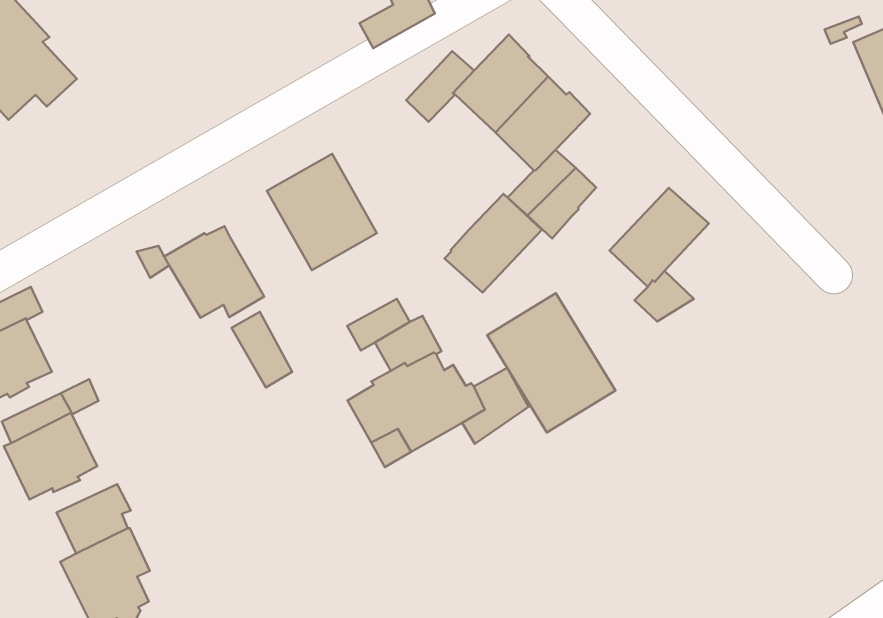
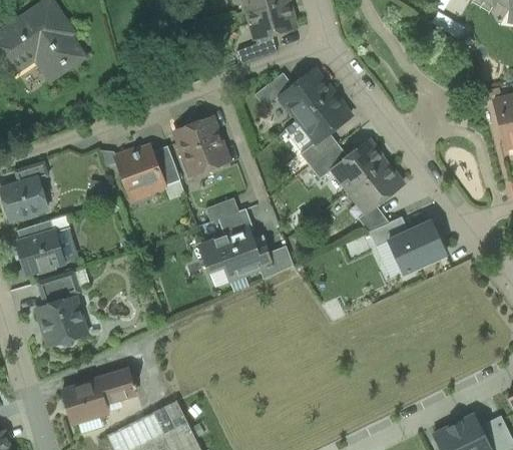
building: [445,194,542,293] -> [332,140,385,190]
building: none -> [391,221,445,273]
building: [487,293,615,433] -> none
building: [232,312,292,388] -> [151,146,179,186]

